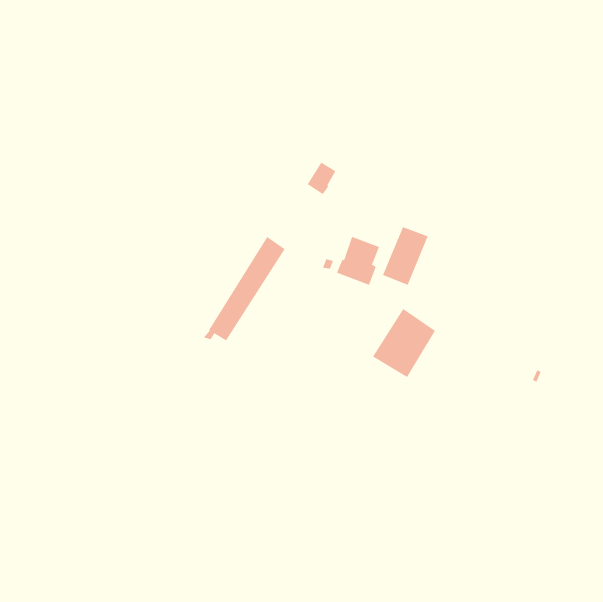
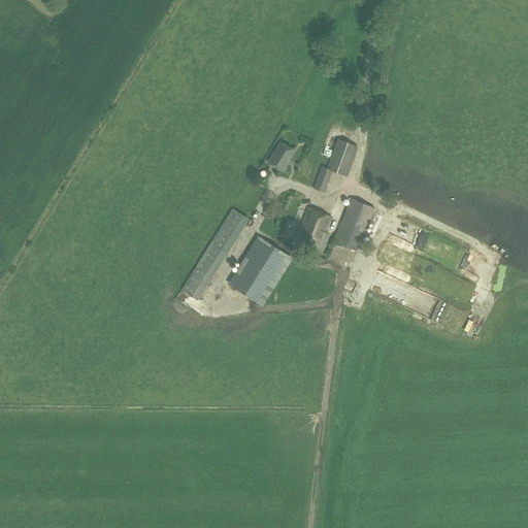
building: none -> [314,138,357,192]
building: [372,308,436,378] -> [229,244,285,305]

